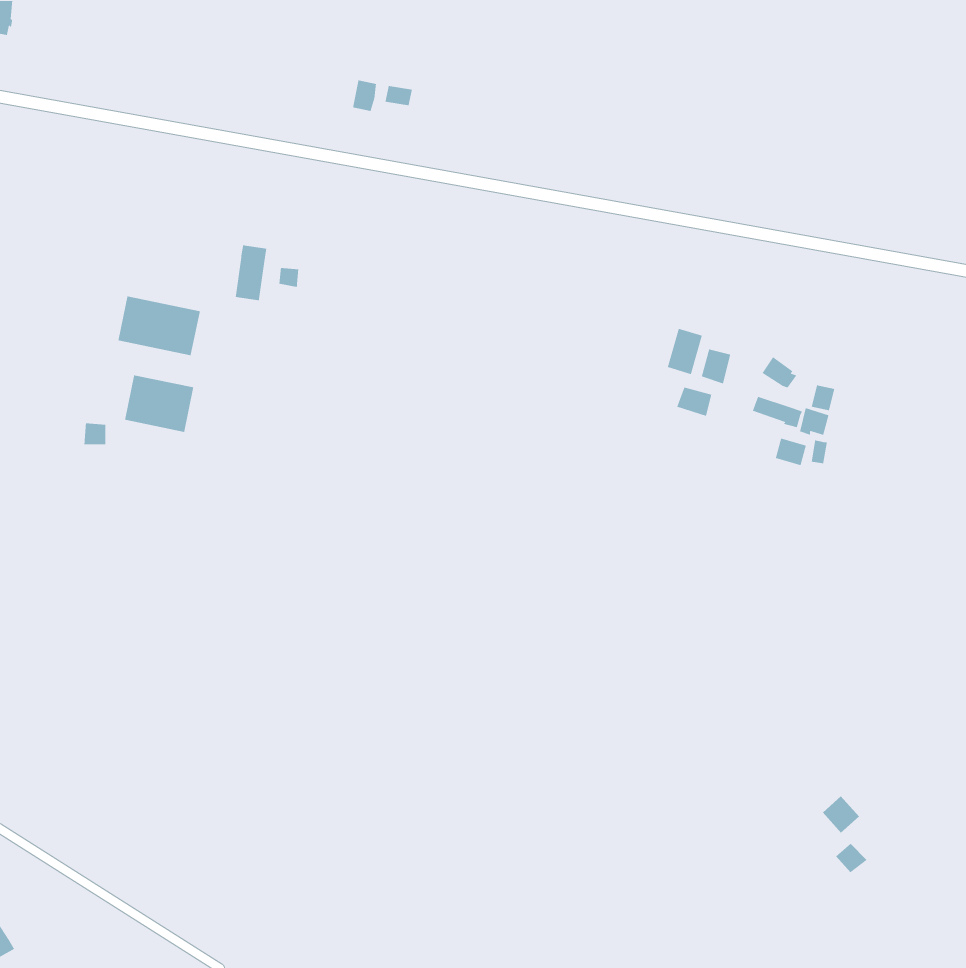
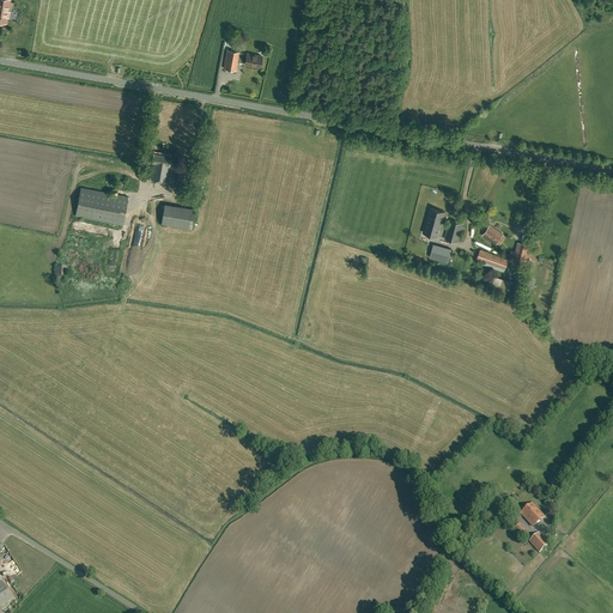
building: none -> [160,205,193,229]
building: [124,374,194,433] -> none

